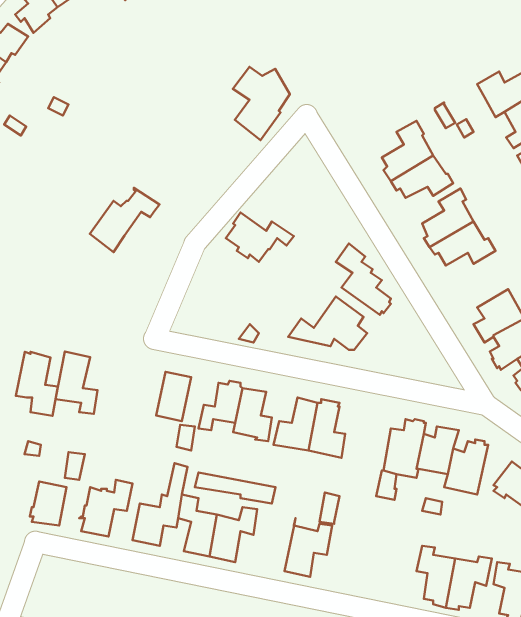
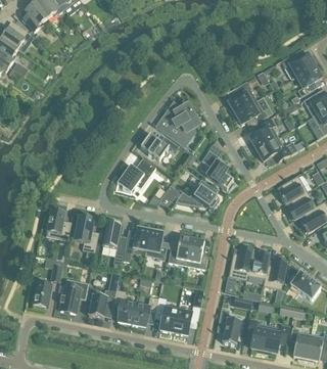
building: [233,67,290,140] -> [165,103,196,144]
building: [90,188,159,252] -> [118,157,156,193]
building: [16,352,58,416] -> [75,216,98,251]
building: none -> [155,296,180,332]
building: none -> [218,308,241,344]

